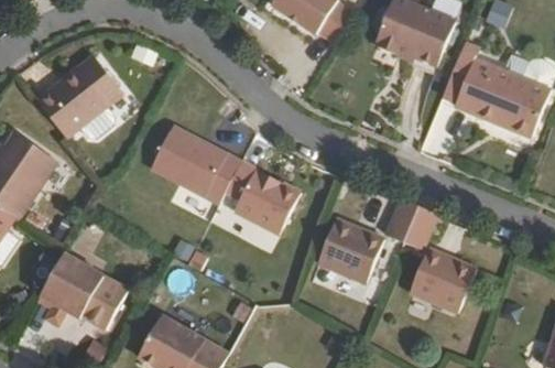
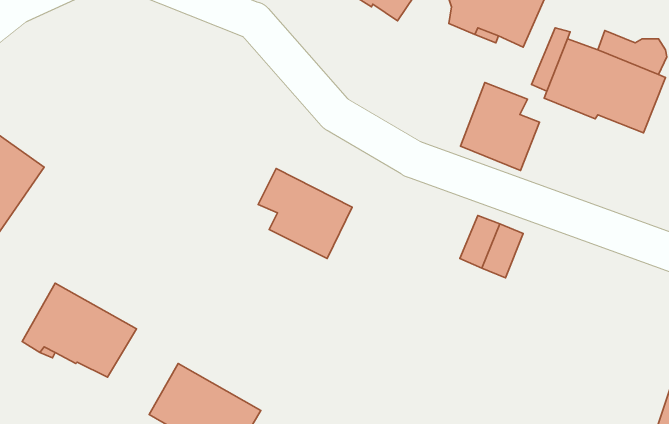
building: [35,56,122,138] -> none
building: none -> [460,82,539,171]
building: [151,127,240,203] -> none
building: [317,219,383,283] -> none
building: [411,250,477,313] -> none

